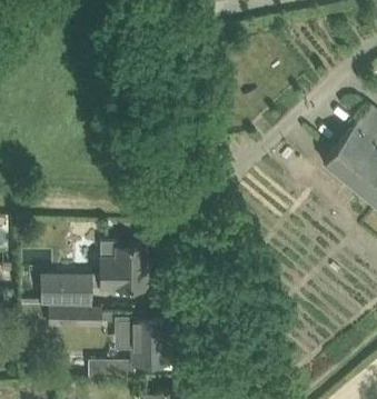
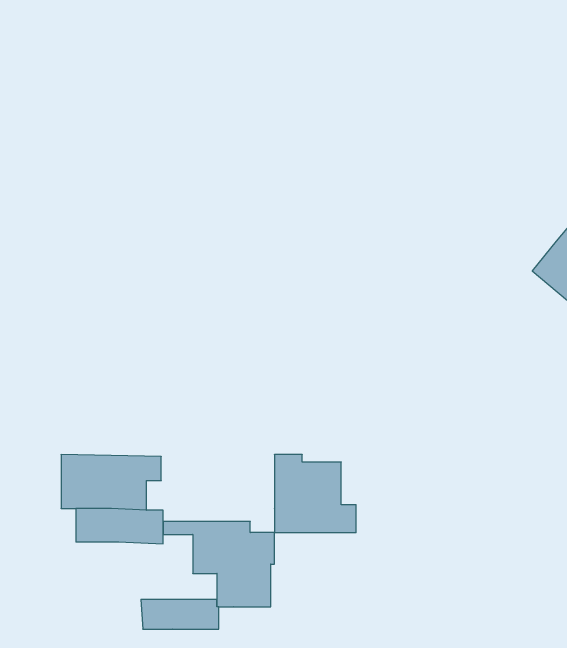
building: [100,242,149,289] -> [274,455,356,533]

